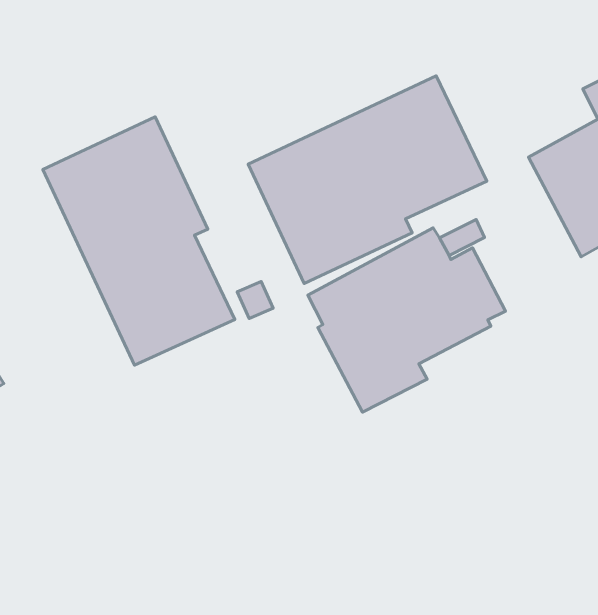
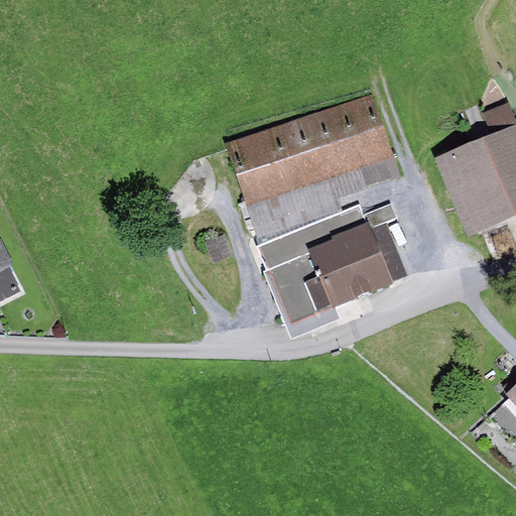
building: [43,117,235,365] -> none

